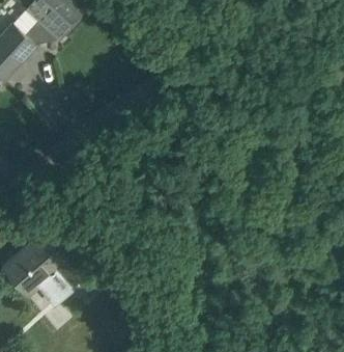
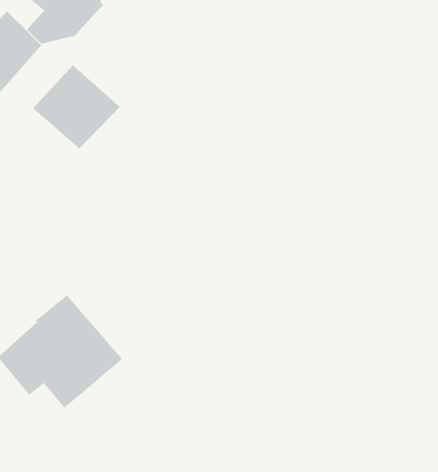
building: none -> [32,64,120,149]

